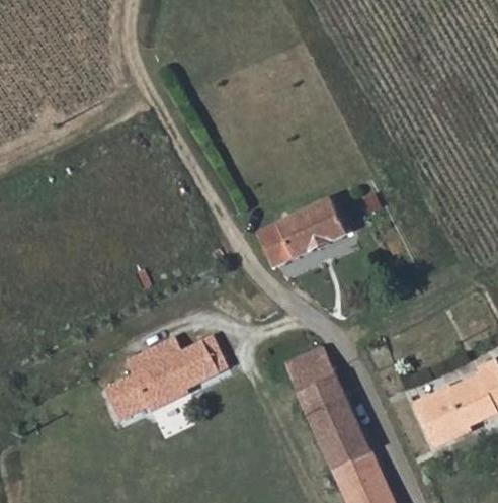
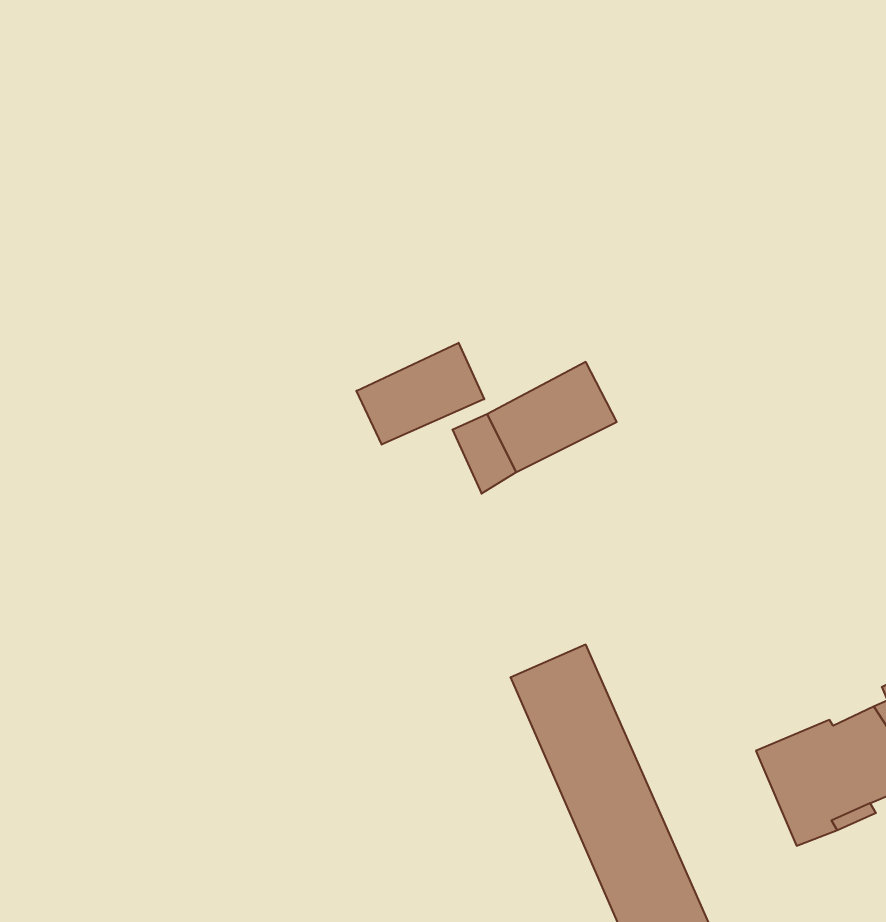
building: none -> [356,343,484,445]
building: [100,331,226,418] -> none

